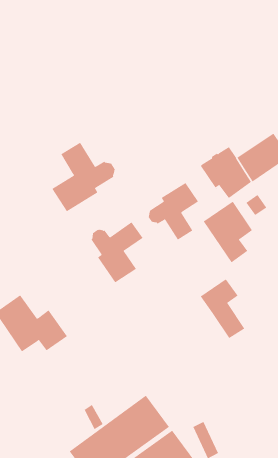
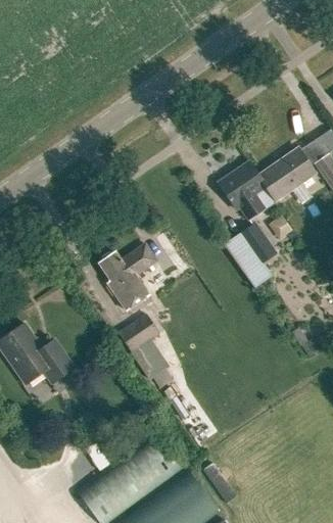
building: [51,142,116,212] -> none
building: [148,182,199,241] -> none
building: [200,278,245,339] -> [118,314,168,379]

